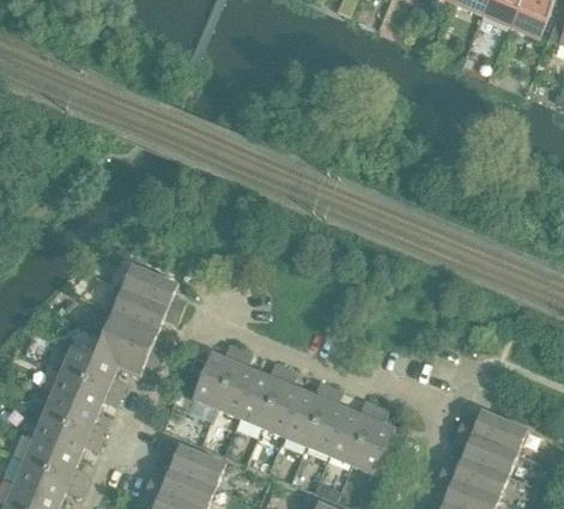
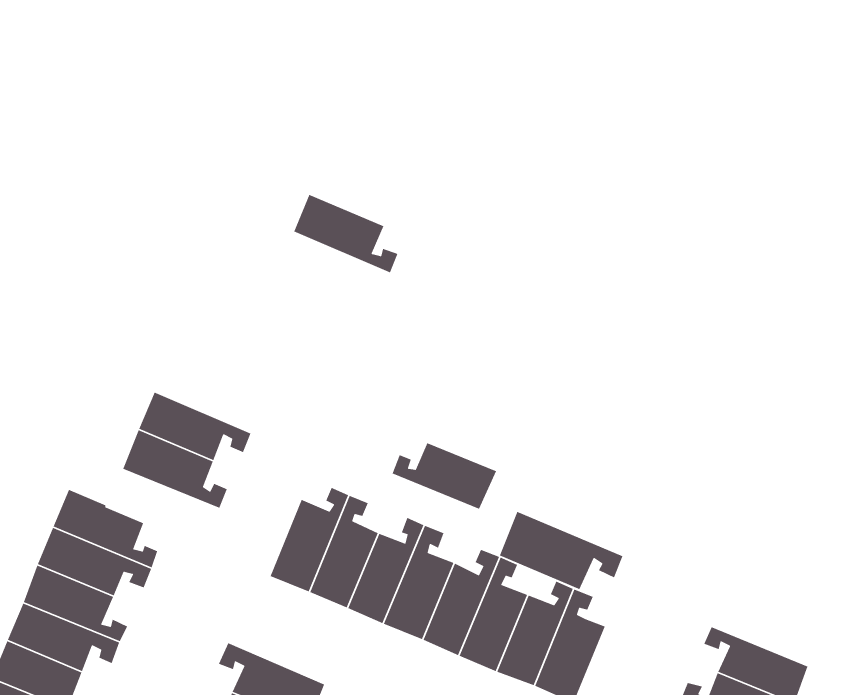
building: [122,263,186,311] -> [293,194,398,274]
building: none -> [392,442,497,510]
building: [93,333,162,375] -> none
building: none -> [499,511,623,590]
building: [457,408,527,452] -> none

